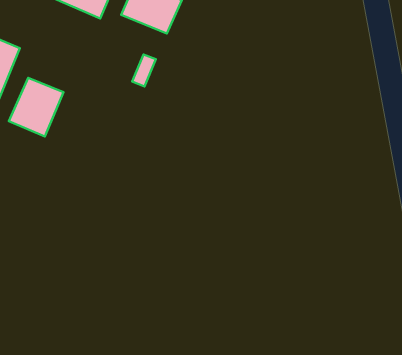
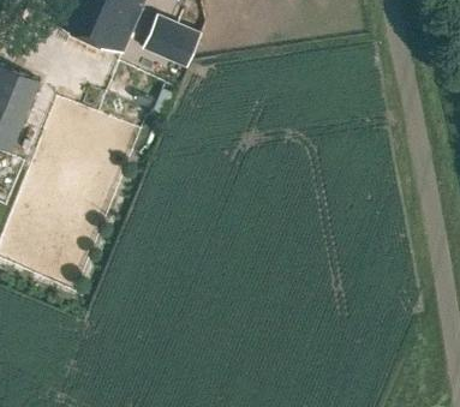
building: [9,78,63,136] -> none

